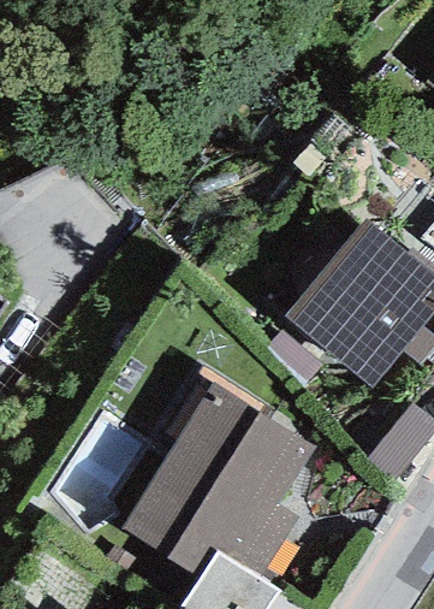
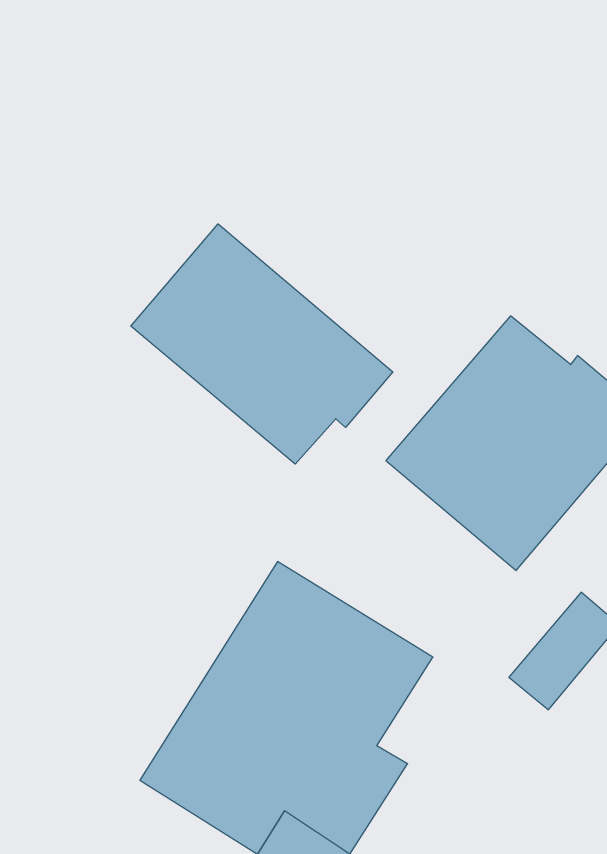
building: none -> [131,224,393,464]

